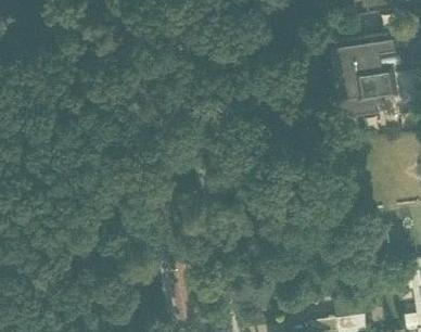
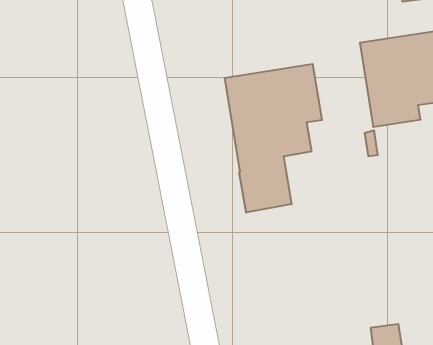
building: none -> [225,64,322,213]

